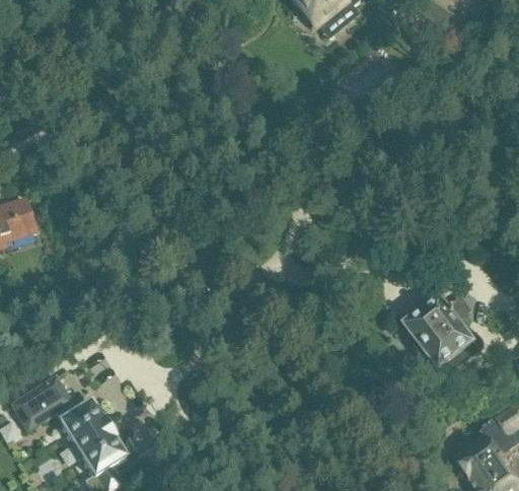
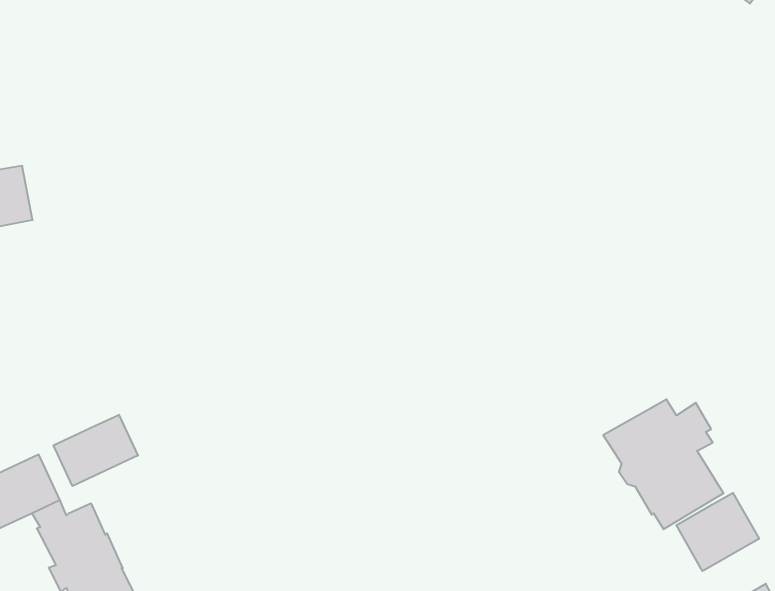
building: none -> [54,415,138,486]
building: none -> [676,493,759,571]

